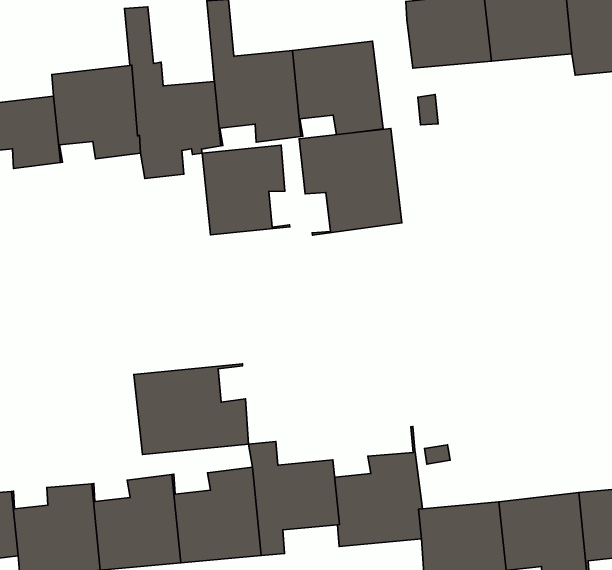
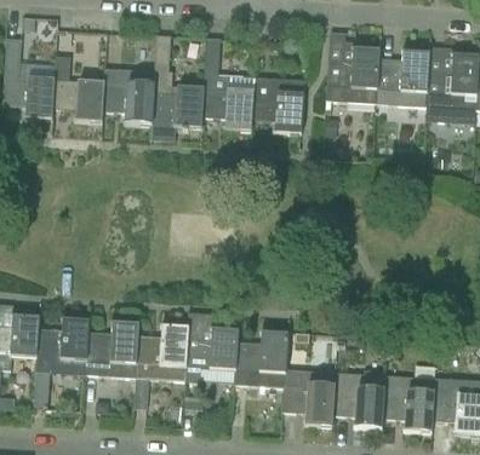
building: [299,129,402,235] -> none
building: [202,145,290,235] -> none
building: [134,364,249,455] -> none

